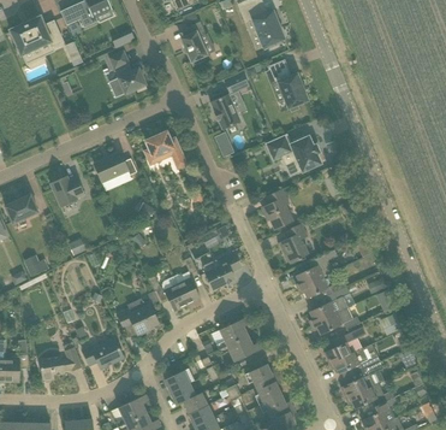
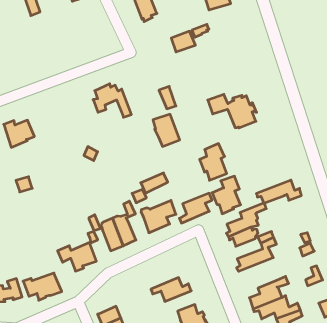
building: [108,51,145,94] -> none
building: [268,60,308,111] -> none
building: [210,94,240,129] -> [153,114,180,146]
building: [94,152,136,182] -> none
building: [311,307,359,334] -> [256,180,301,203]
building: [216,316,250,349] -> [179,193,212,223]

